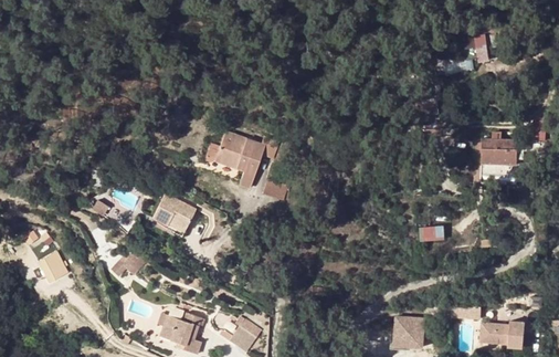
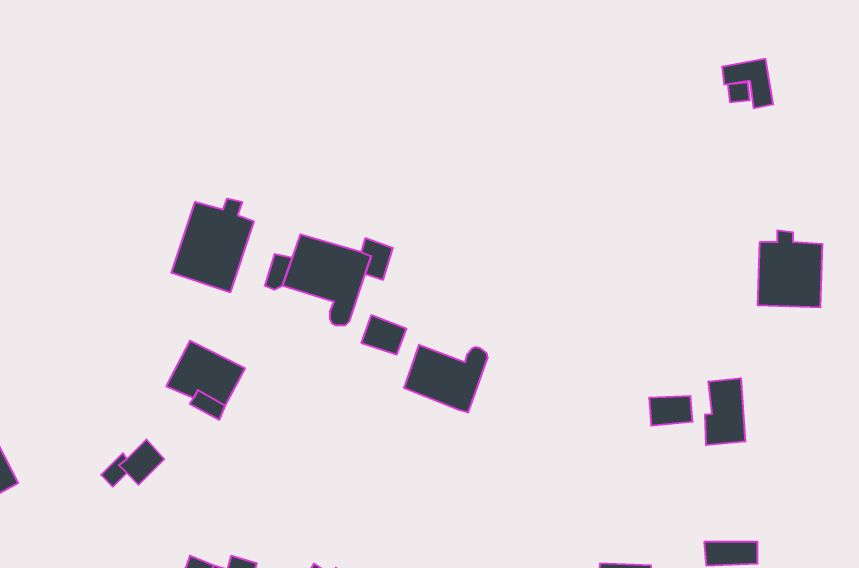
building: none -> [171,199,254,292]
building: none -> [404,345,487,413]
building: none -> [705,378,745,445]

